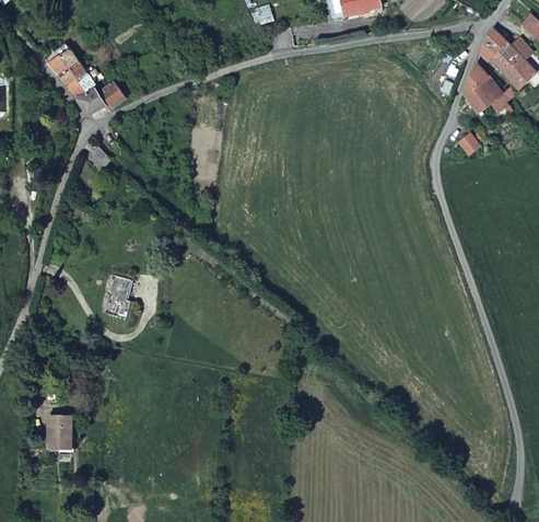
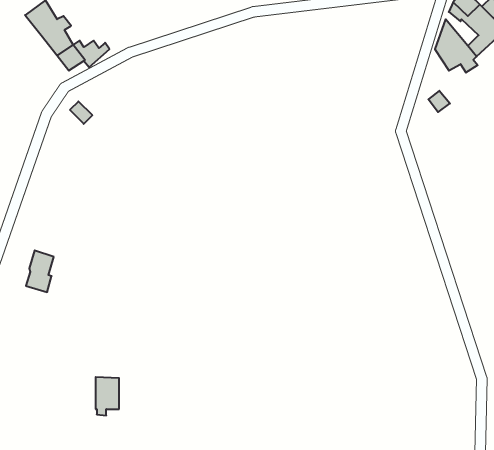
building: [103,274,131,316] -> [26,250,54,292]
building: [47,411,71,451] -> [96,377,119,415]

